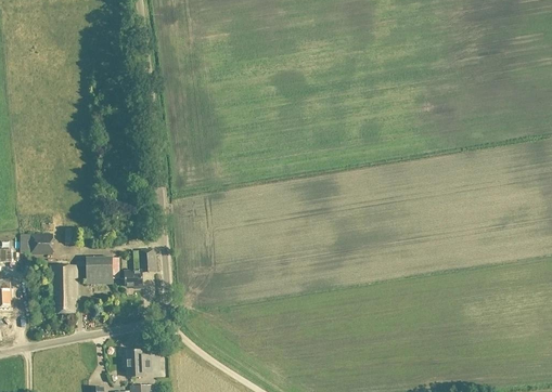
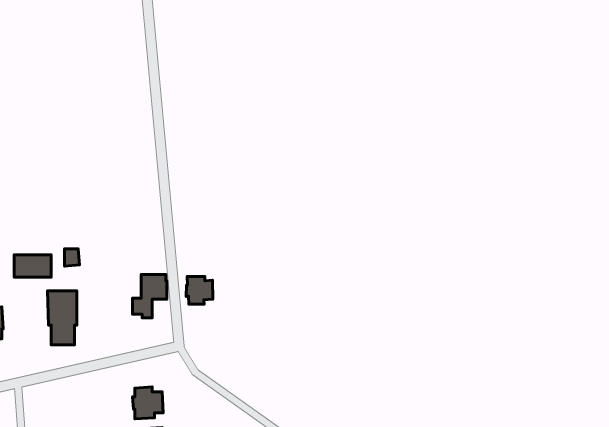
building: none -> [186,276,213,304]
building: [87,256,121,283] -> none

